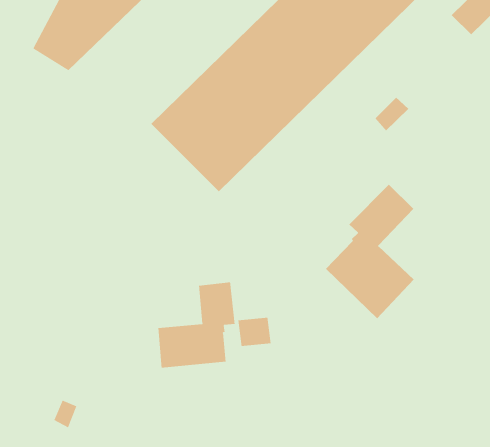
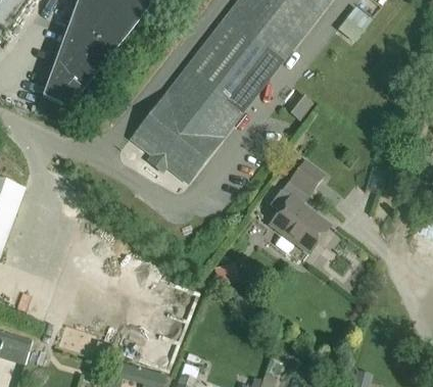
building: [158,282,235,369] -> none

